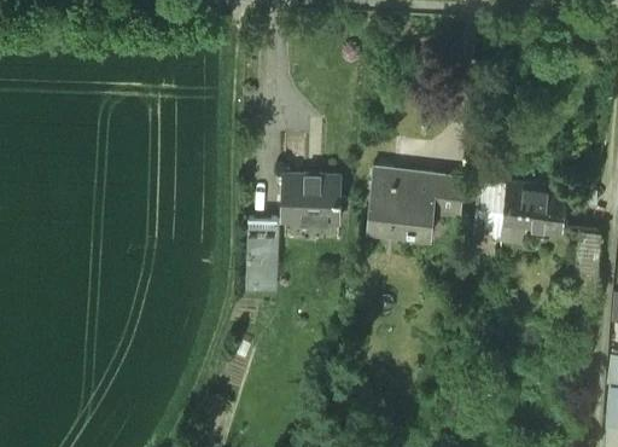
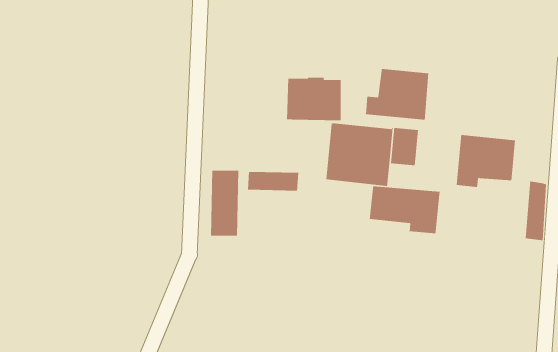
building: none -> [365,68,429,121]
building: [280,174,338,220] -> [286,77,342,121]
building: none -> [369,185,440,234]

